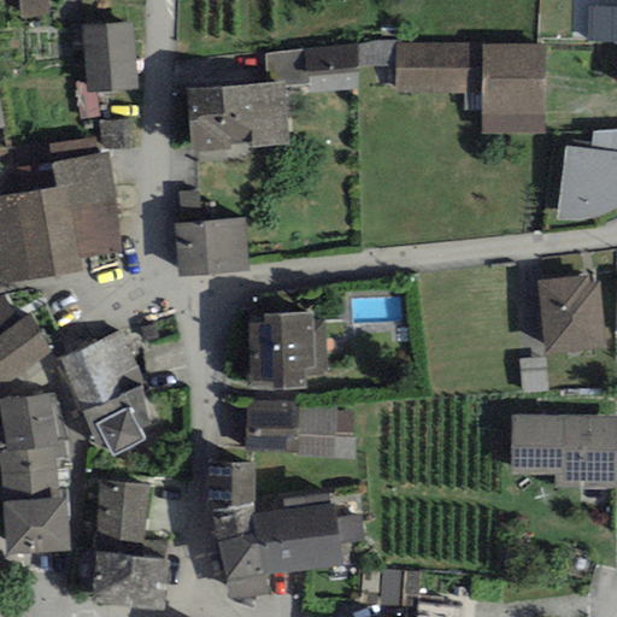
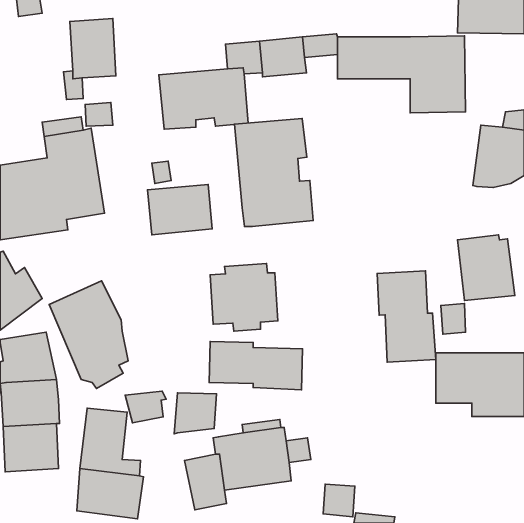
building: none -> [235,118,313,227]
building: none -> [377,271,436,362]
building: [208,504,257,541] -> [125,391,166,423]

